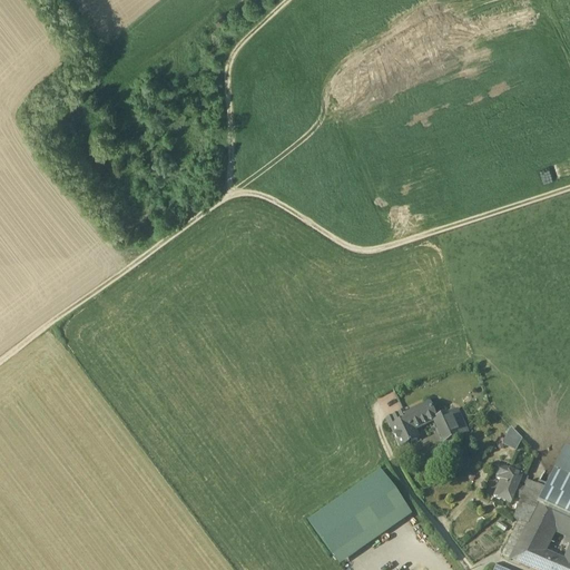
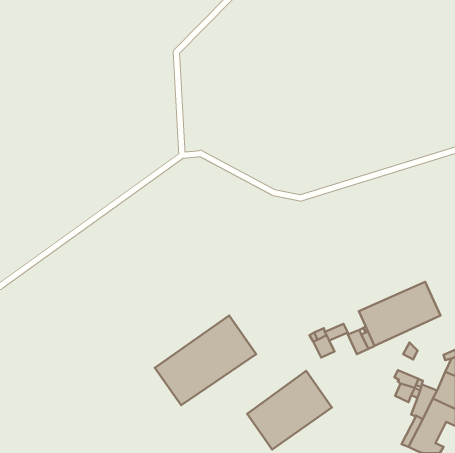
building: none -> [359,282,441,346]
building: none -> [155,316,256,405]

